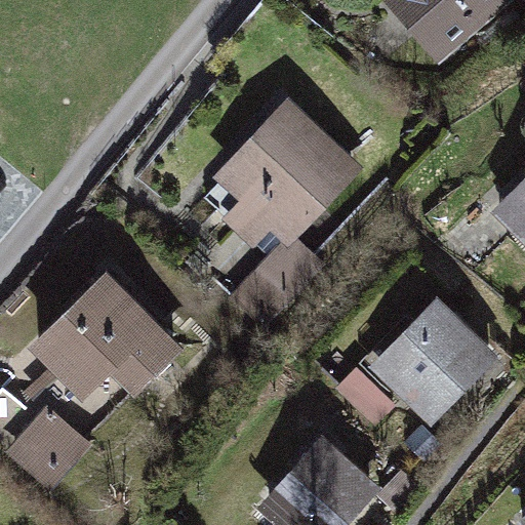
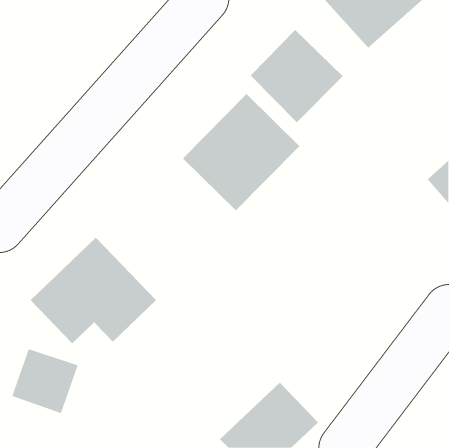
building: none -> [250,29,343,123]
building: [375,310,489,421] -> none

